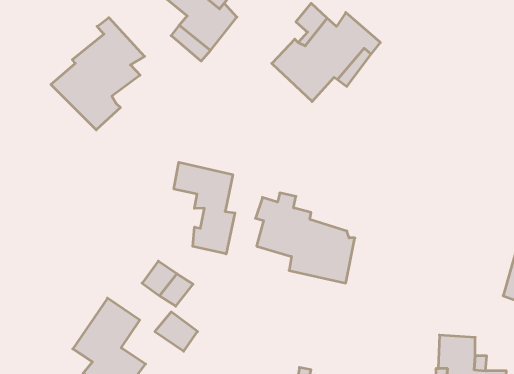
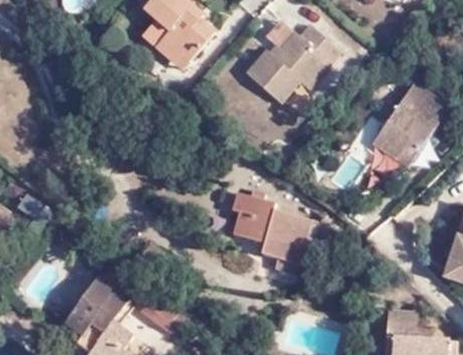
building: [51,18,145,130] -> none
building: none -> [372,83,447,166]
building: [174,162,235,254] -> none

